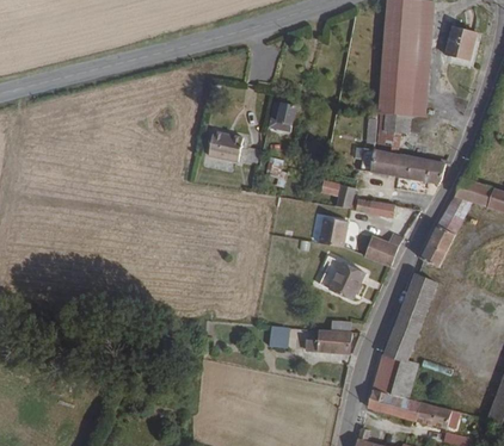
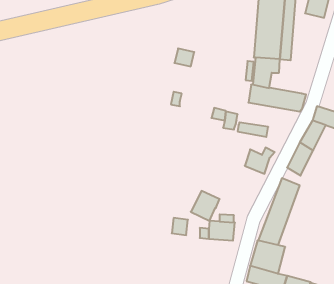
building: [209,126,245,159] -> none
building: [318,216,349,247] -> none
building: [327,261,365,301] -> [191,191,220,221]

